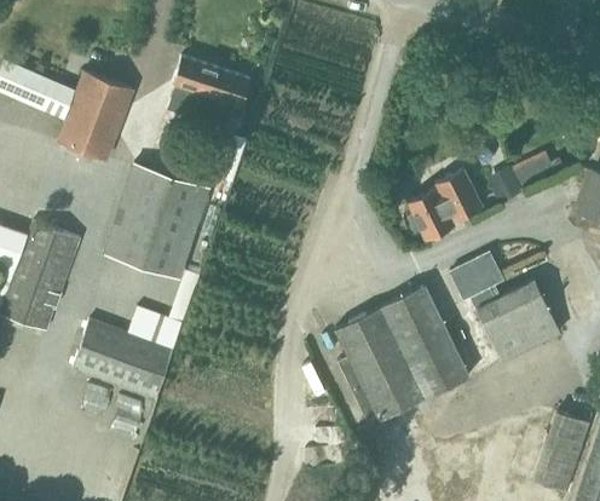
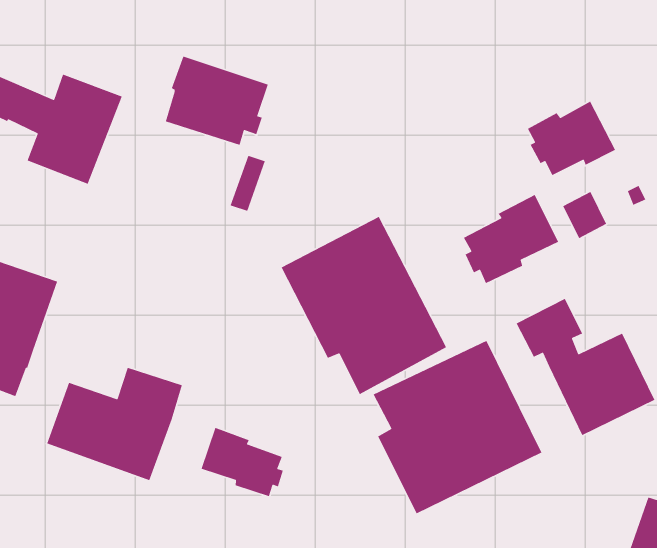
building: none -> [527,101,616,176]
building: [103,162,210,280] -> none
building: none -> [281,216,447,395]
building: none -> [200,427,284,497]

